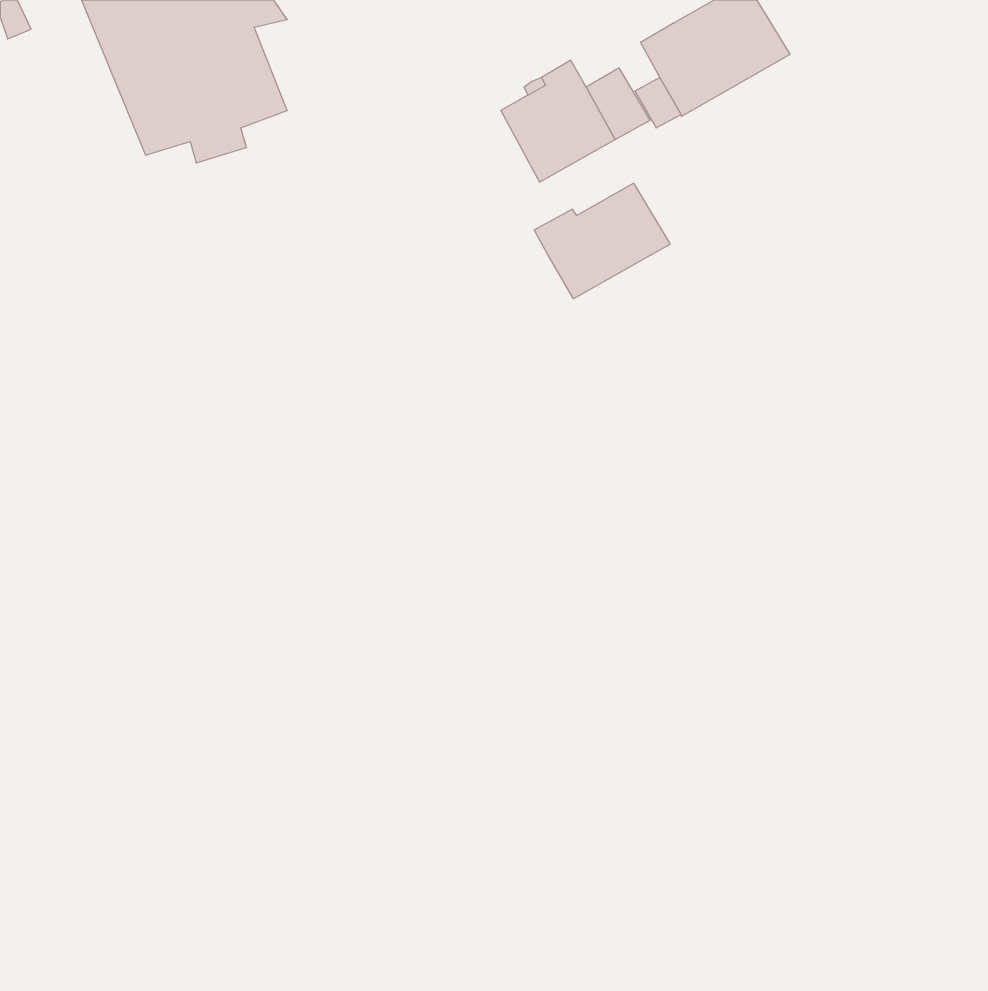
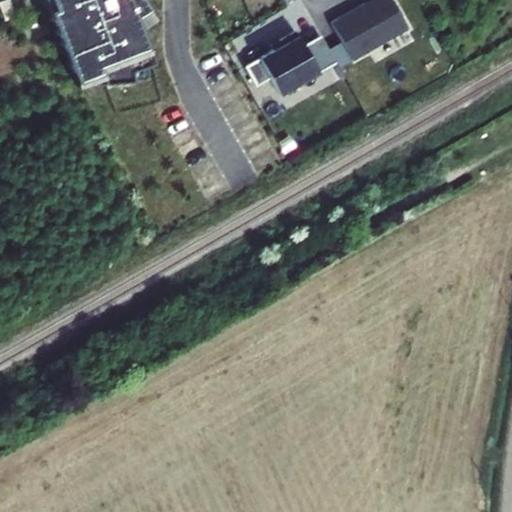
building: [534,183,670,299] -> none

